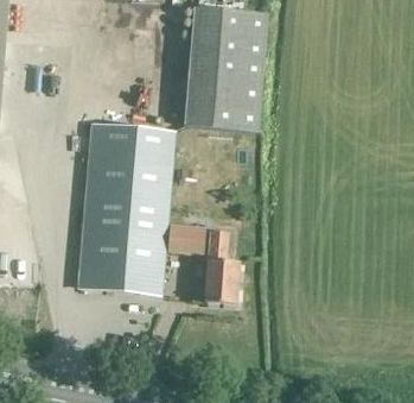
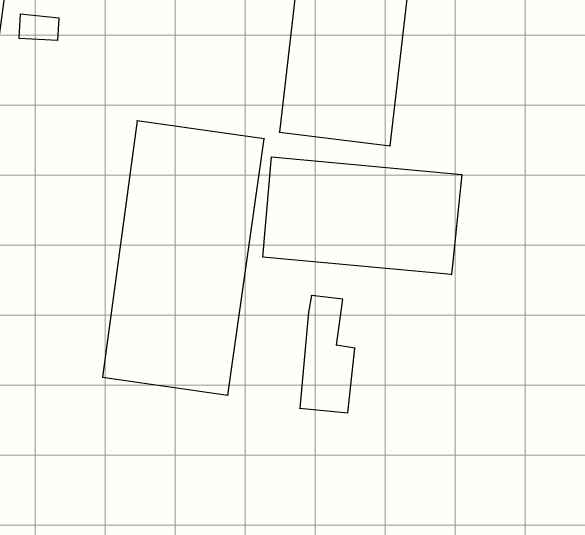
building: none -> [263,157,462,275]
building: [168,222,205,253] -> none

